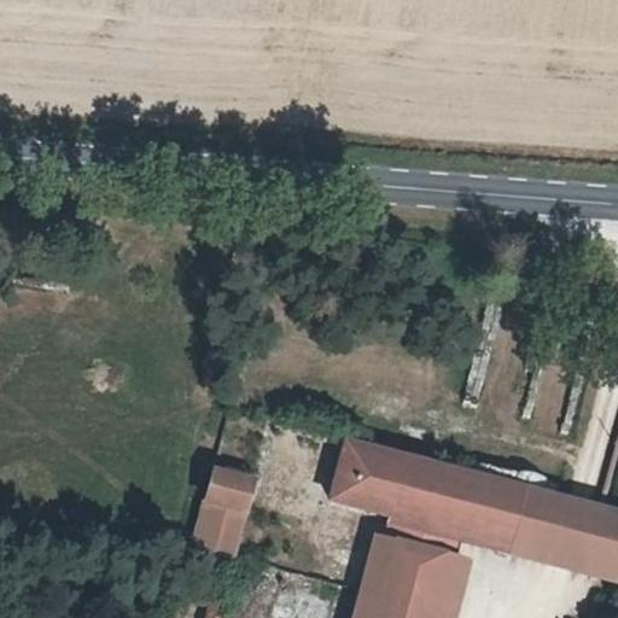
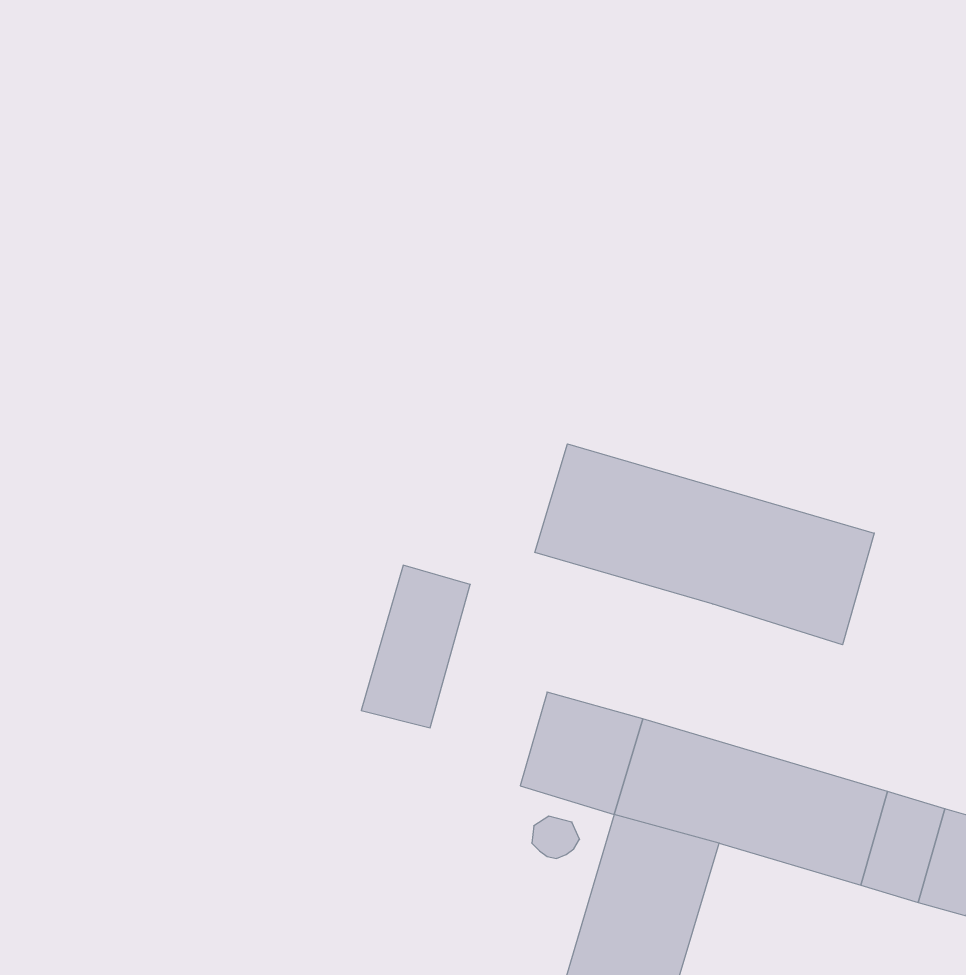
building: none -> [535,444,874,645]
building: [187,460,256,562] -> [361,565,470,728]

